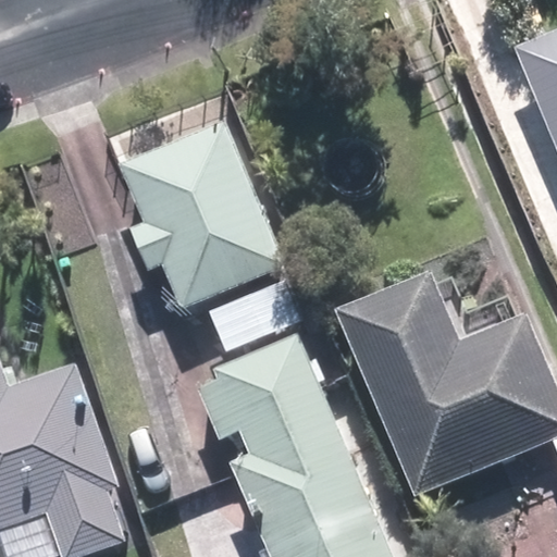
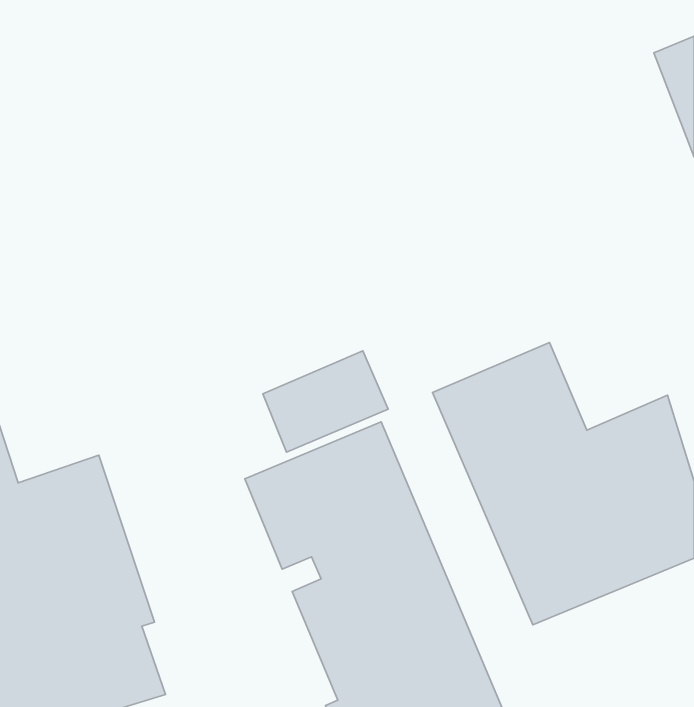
building: [119,121,286,311] -> none

